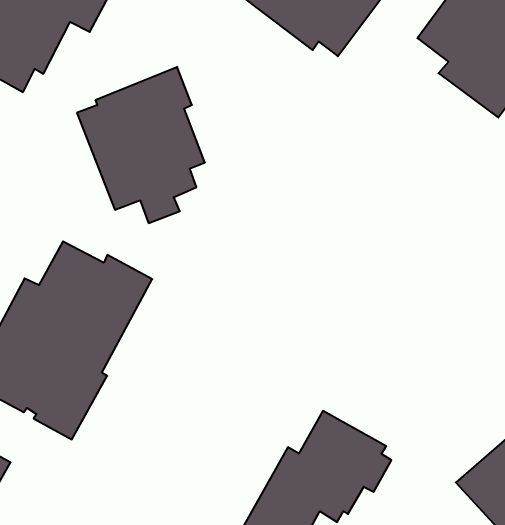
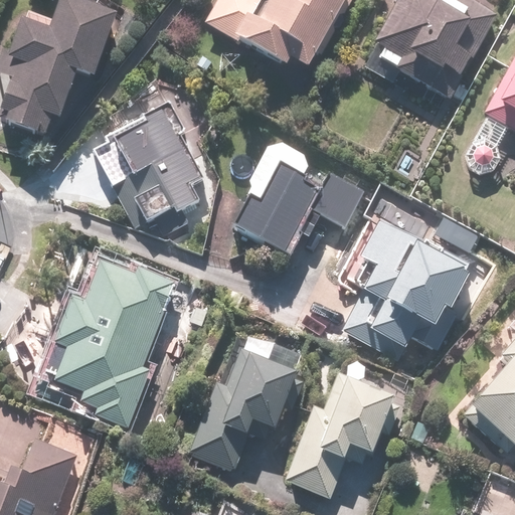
building: none -> [231,142,366,256]
building: none -> [344,220,471,357]
building: none -> [189,346,305,469]

